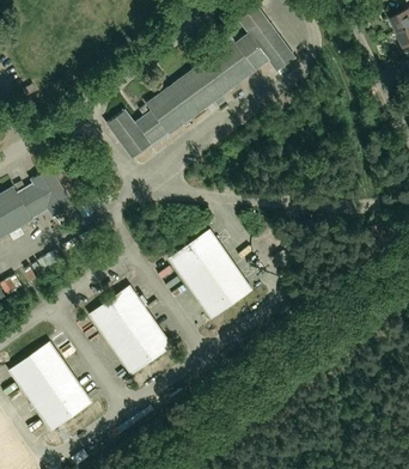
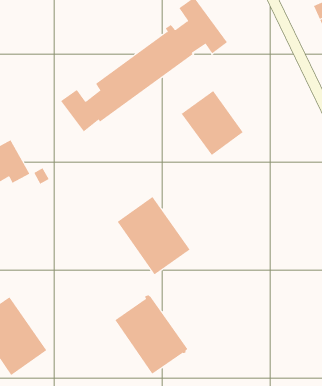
building: none -> [181,90,244,156]
building: [88,285,171,374] -> [114,294,188,375]

